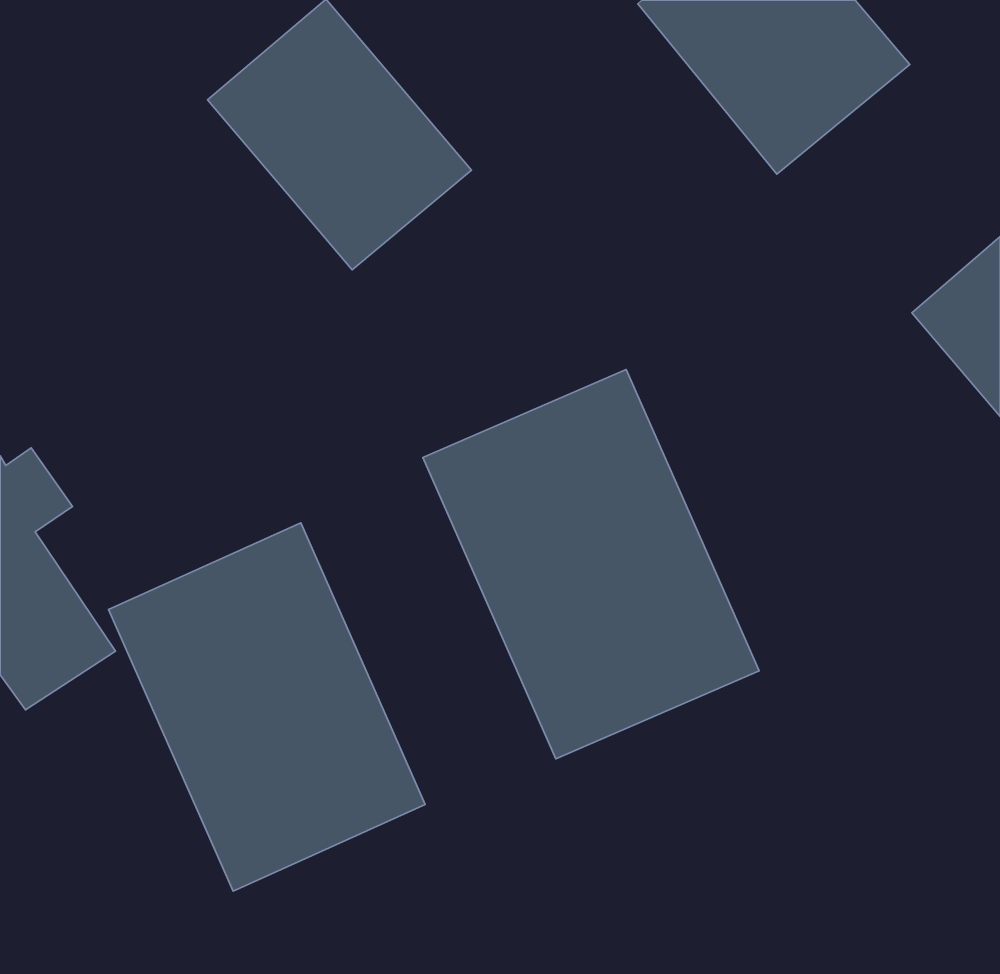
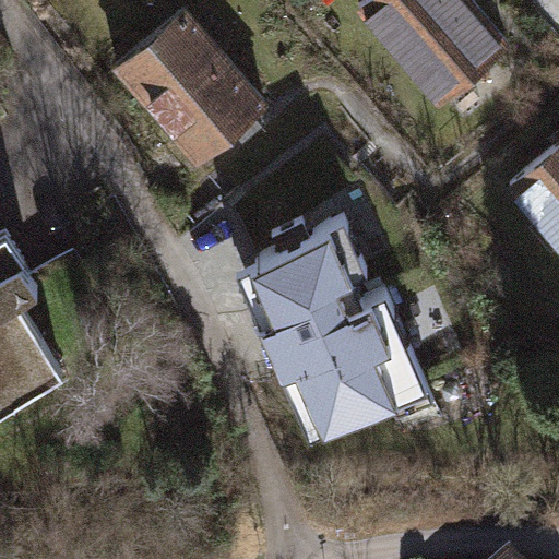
building: [109,523,425,891] -> none

